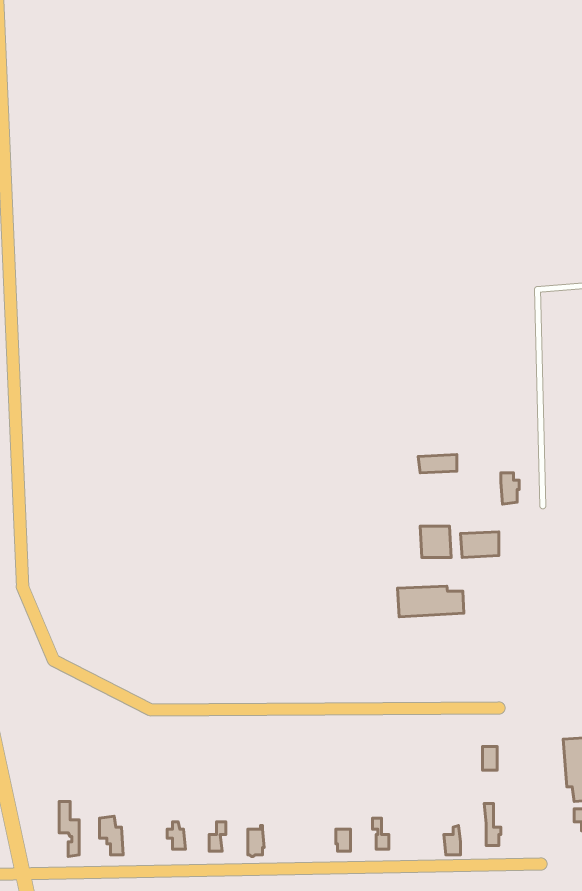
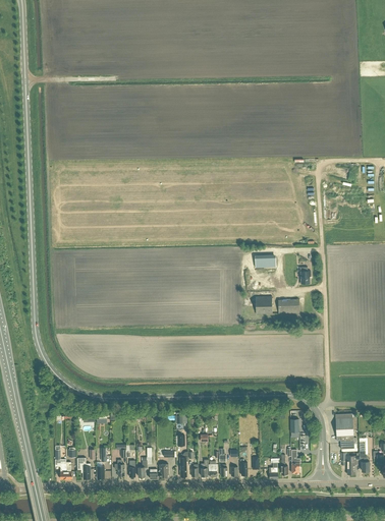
building: [398,586,464,617] -> none

